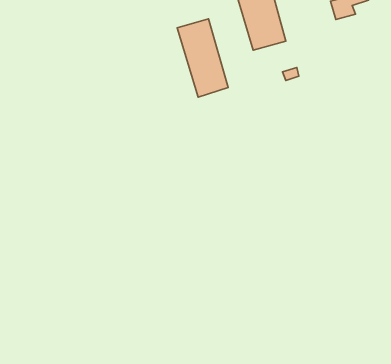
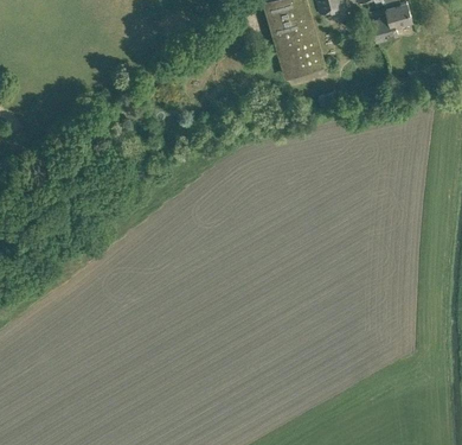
building: [177,19,228,97] -> none

